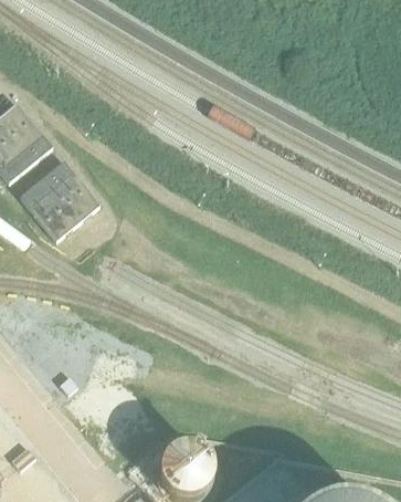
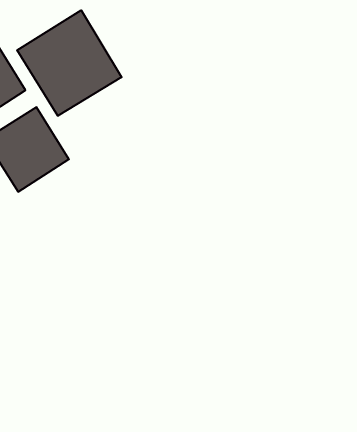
building: none -> [17,10,122,116]

